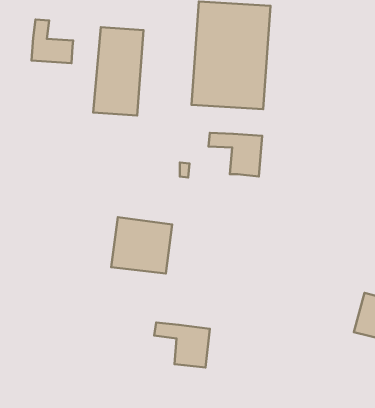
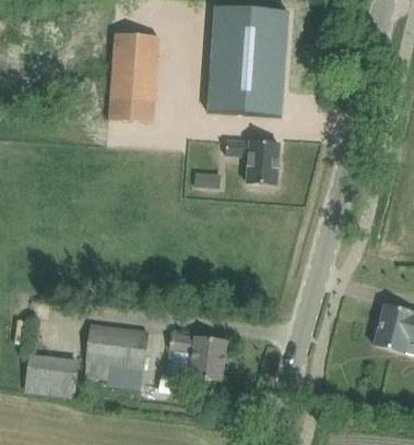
building: [32,19,73,63] -> none
building: [111,217,172,274] -> [85,323,147,381]
building: none -> [23,351,78,397]

